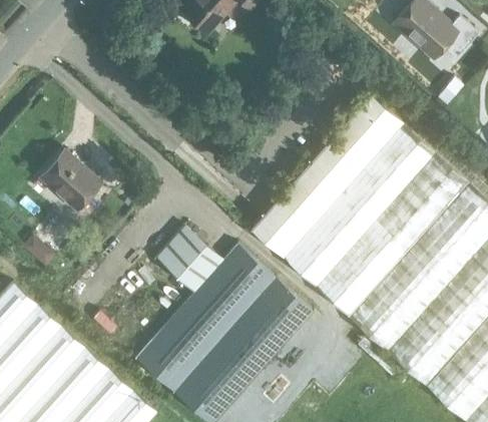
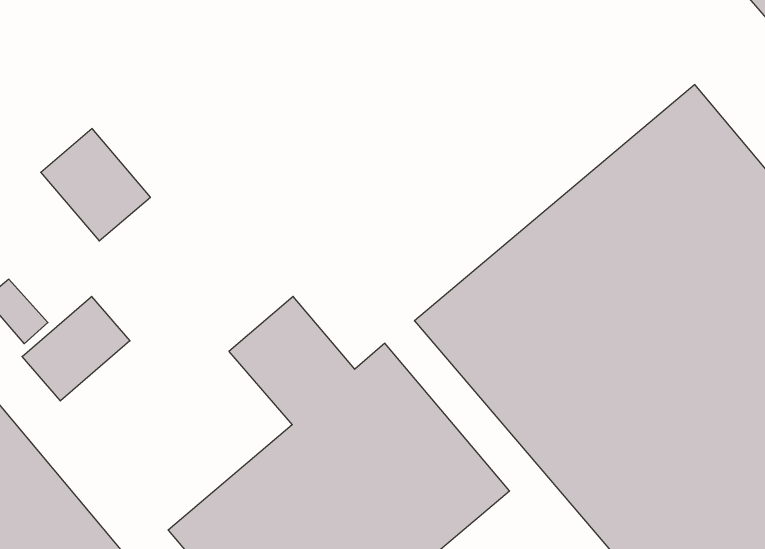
building: none -> [22,296,130,401]

